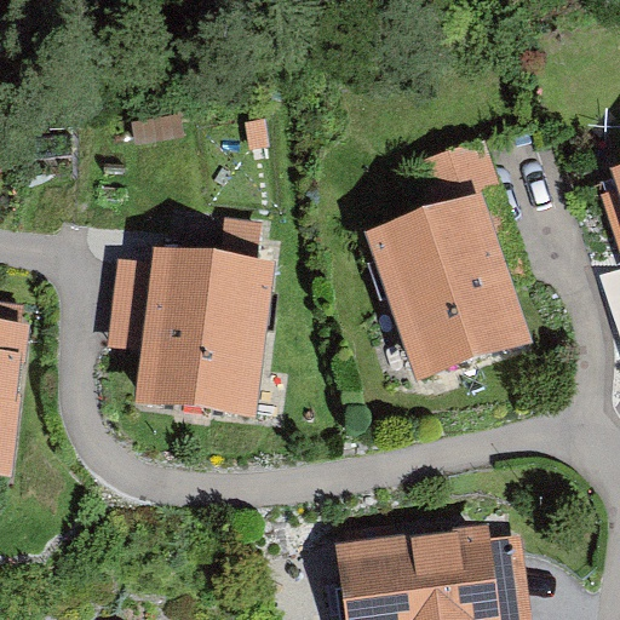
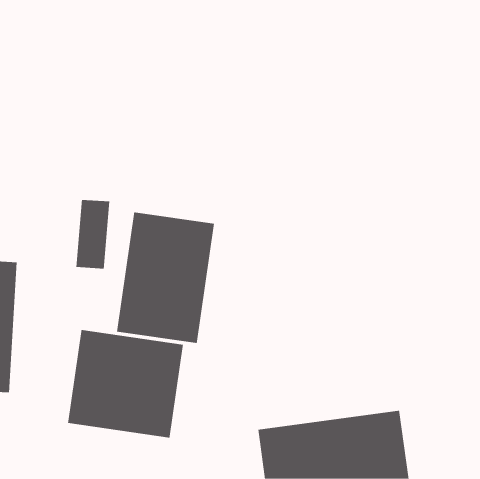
building: [379,217,524,384] -> none
building: none -> [68,329,183,439]

